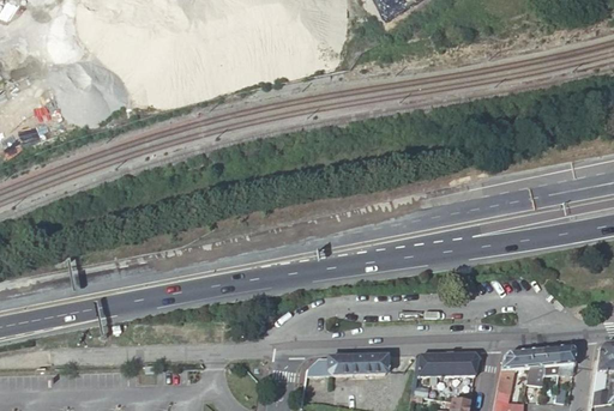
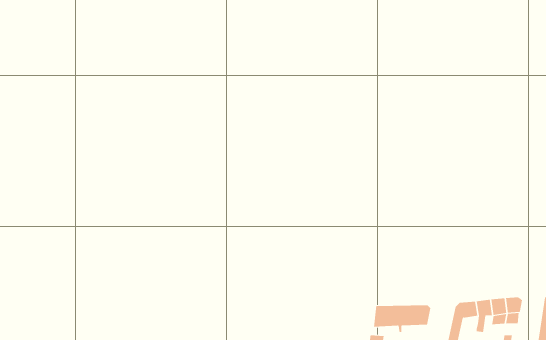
building: [330,353,390,374] -> none

